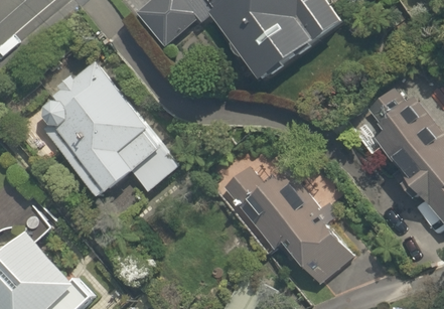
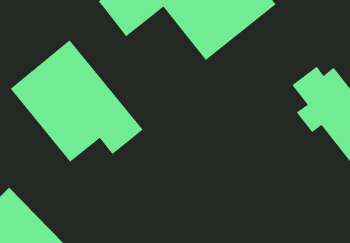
building: [215,147,356,288] -> none

